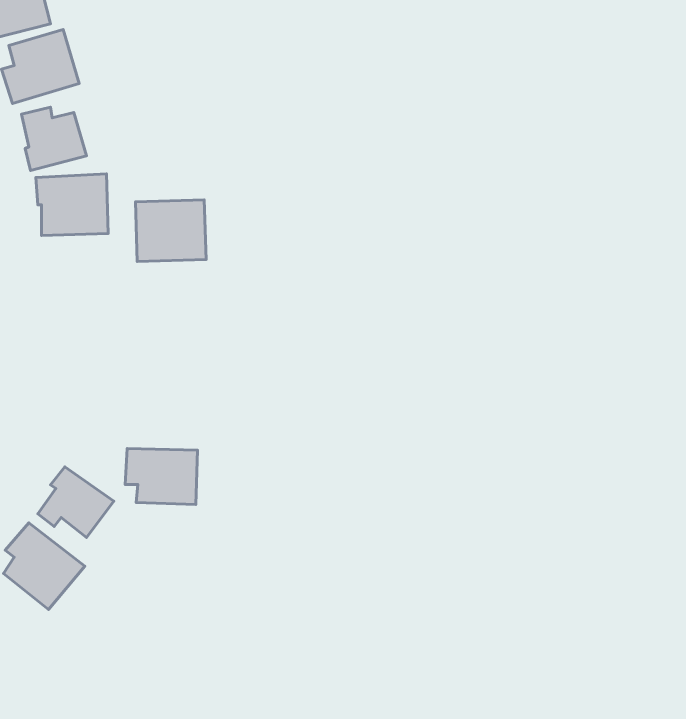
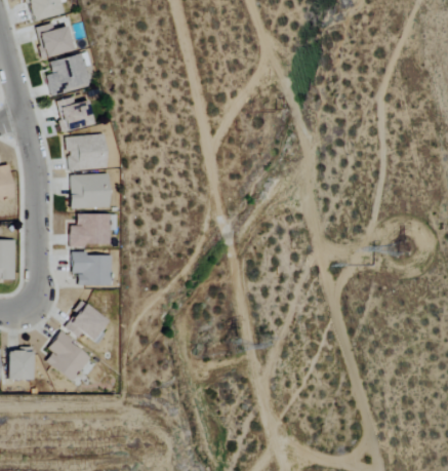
building: [136,200,206,261] -> [71,173,111,208]
building: none -> [70,213,110,246]
building: [125,448,198,504] -> [72,253,113,285]

